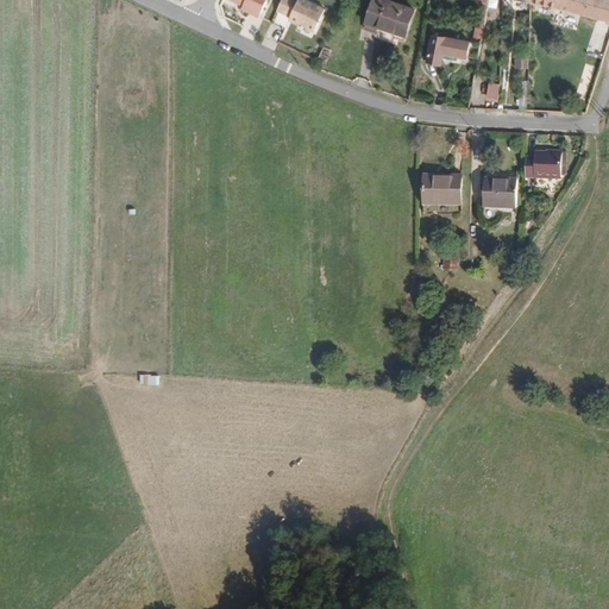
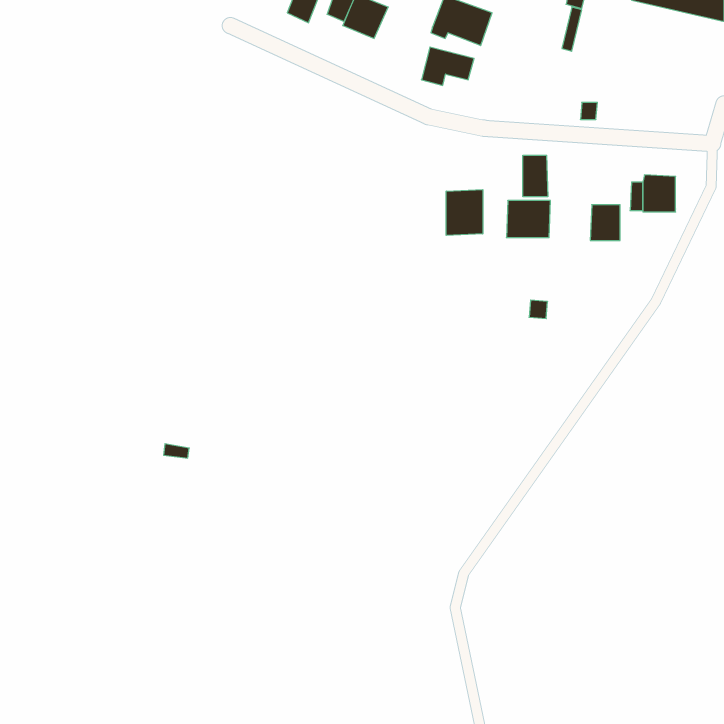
building: [425,34,469,67] -> [421,47,474,85]
building: none -> [523,155,548,197]
building: none -> [446,190,483,235]

